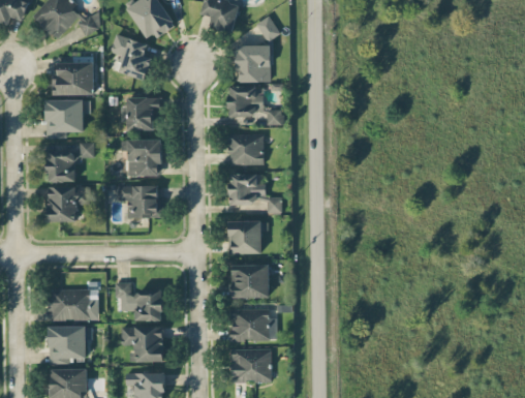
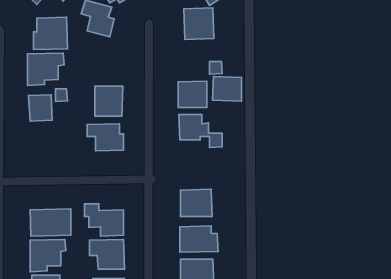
building: [228,86,264,116] -> [213,76,242,101]
building: [122,97,159,130] -> none
building: [48,186,87,222] -> none
building: [228,221,268,254] -> none

